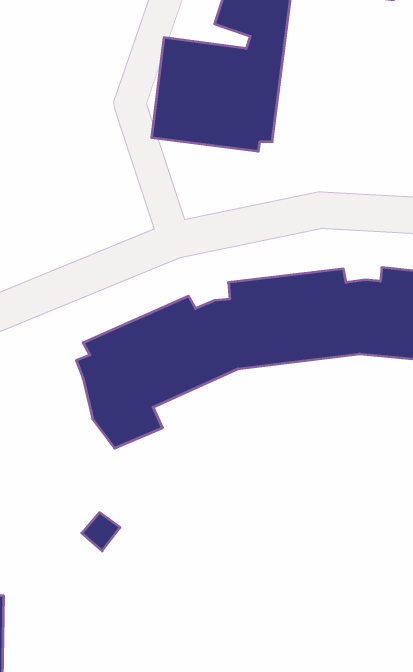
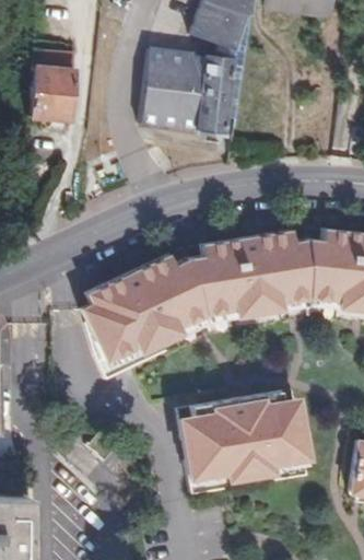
building: none -> [28,46,80,117]
building: none -> [181,392,305,475]

